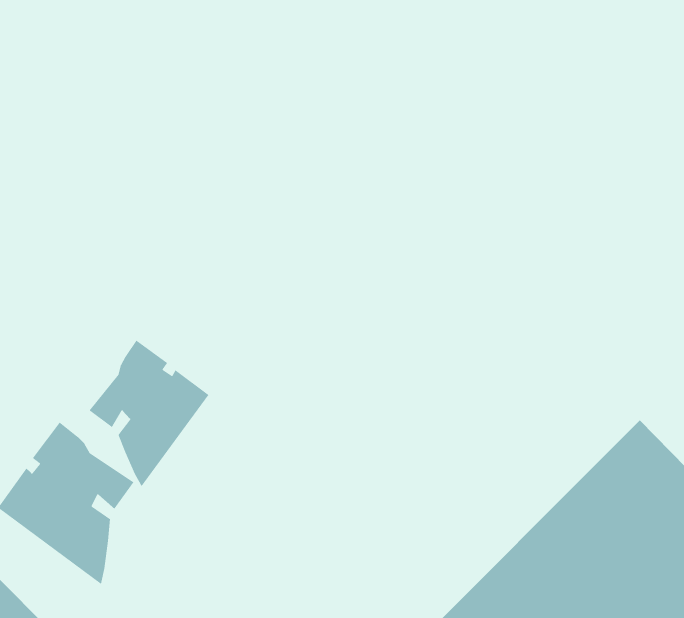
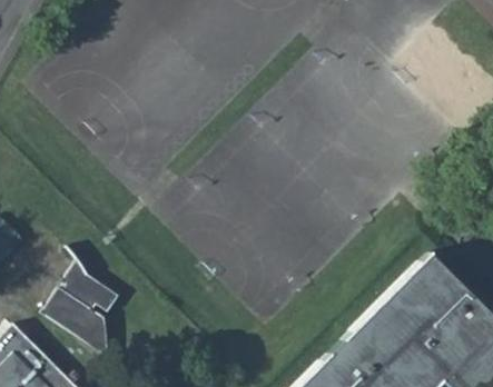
building: [88,340,210,487] -> none

